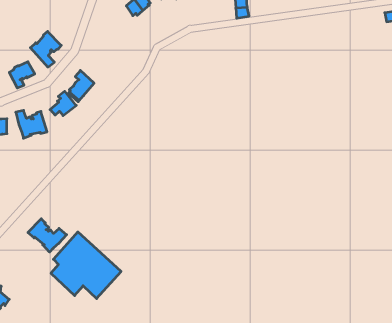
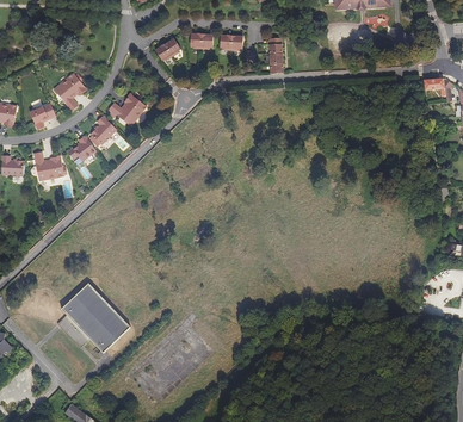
building: none -> [107,93,147,126]
building: [28,219,67,252] -> none

